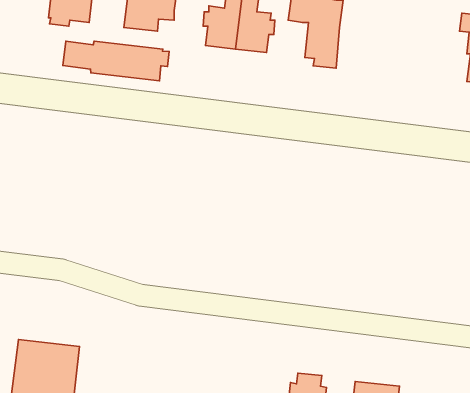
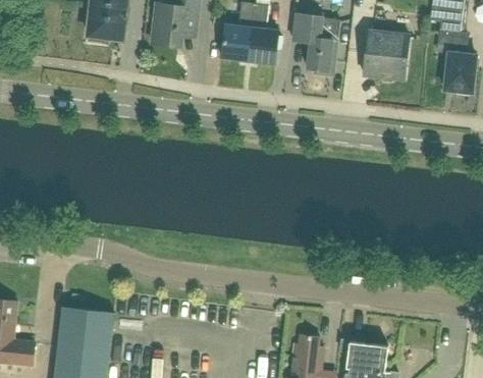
building: none -> [363,31,409,78]
building: [63,41,169,81] -> none

